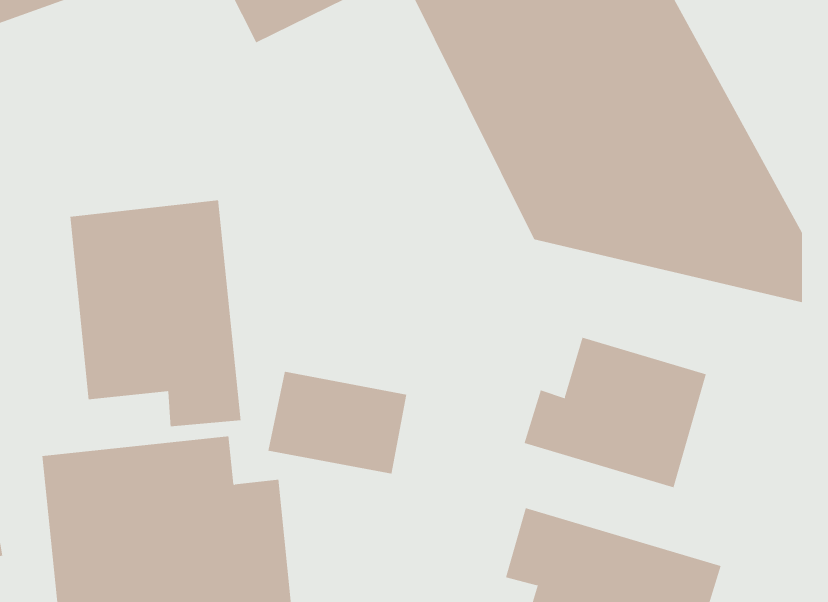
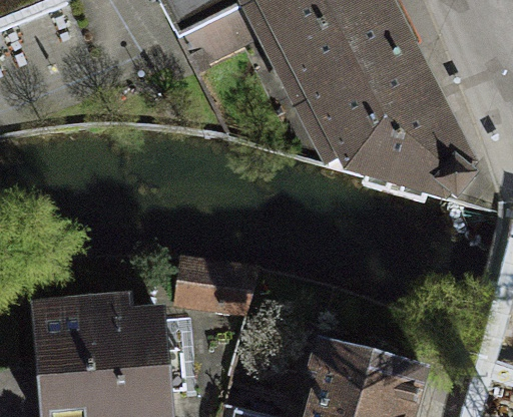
building: [70,199,241,427] -> none
building: [524,337,707,488] -> none

